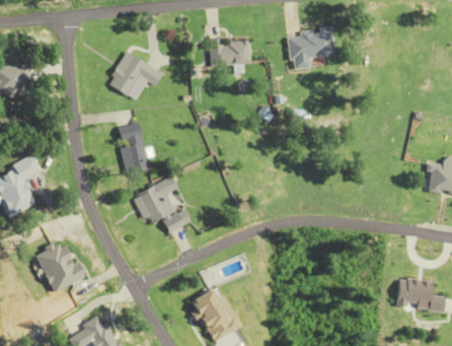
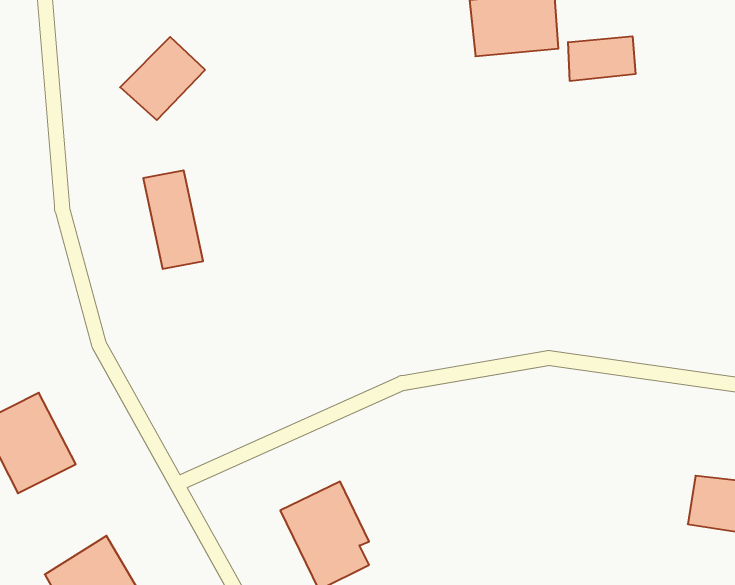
building: [211,38,252,67] -> none
building: none -> [568,36,635,81]
building: [135,178,195,232] -> none

